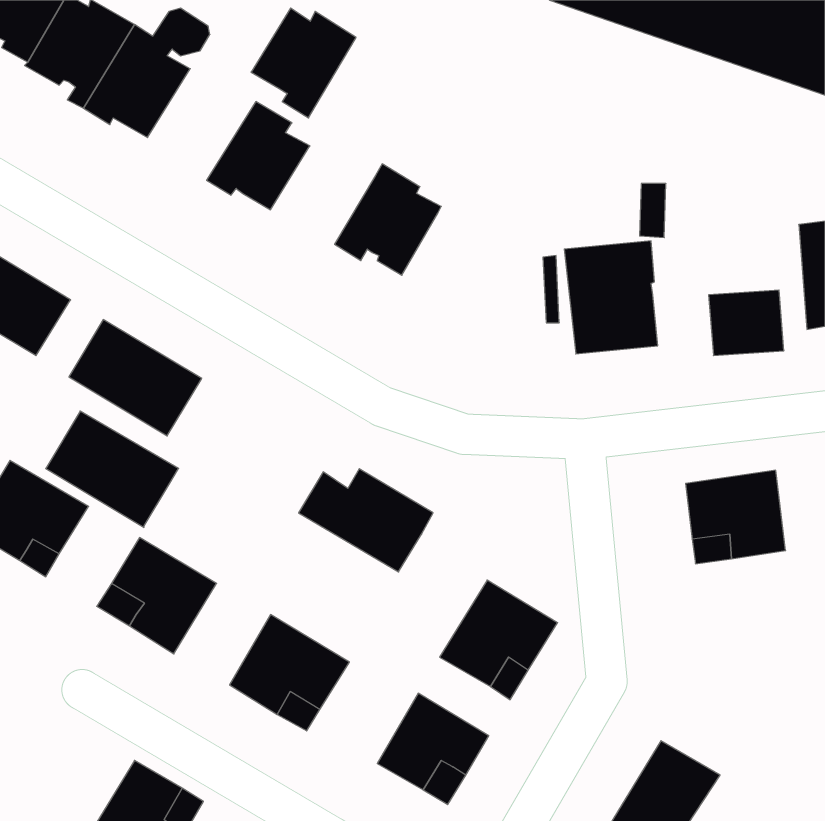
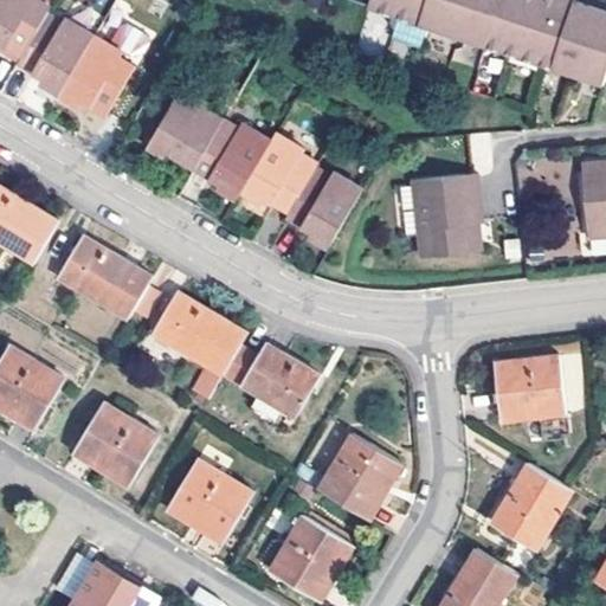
building: [251,8,356,118] -> [195,117,271,196]
building: none -> [286,166,363,247]
building: [46,411,179,527] -> [144,299,240,383]
building: none -> [494,460,574,547]

